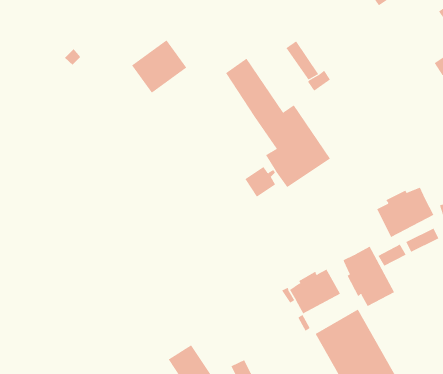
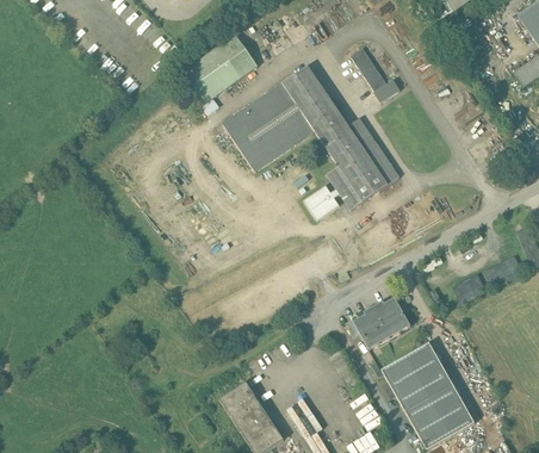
building: none -> [218,33,258,76]
building: none -> [222,82,315,170]
building: [376,186,434,238] -> none
building: [342,246,395,307] -> none

